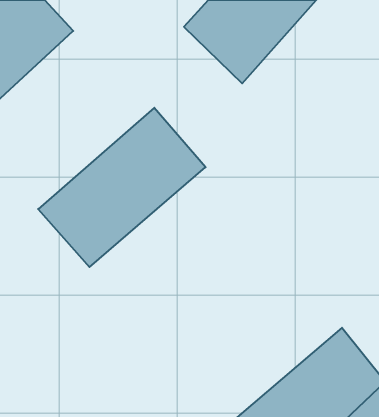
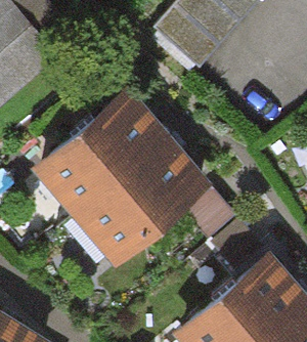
building: none -> [81,134,210,257]

